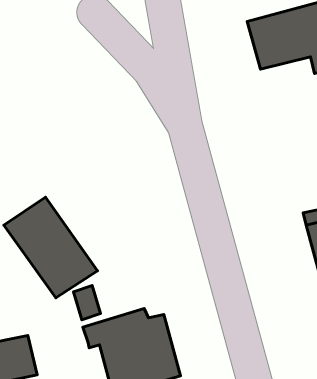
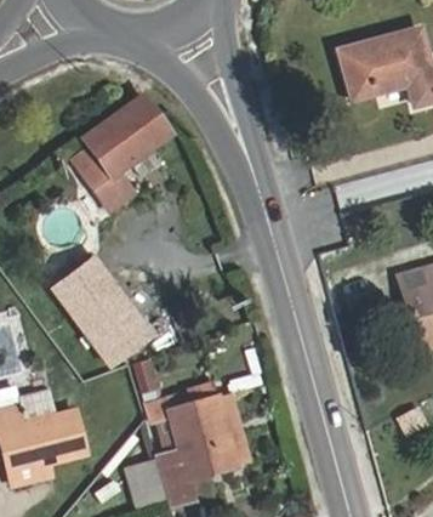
building: none -> [69,90,177,206]

